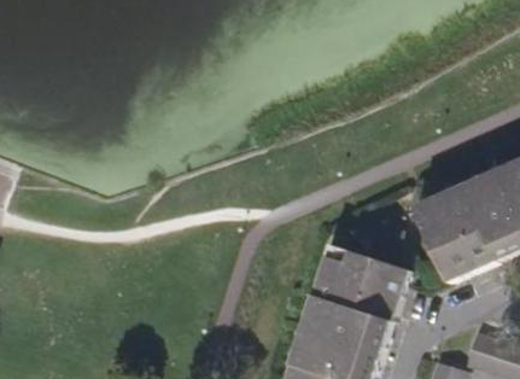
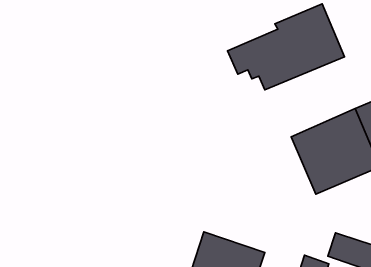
building: none -> [227,4,345,90]
building: [303,245,409,357] -> none

